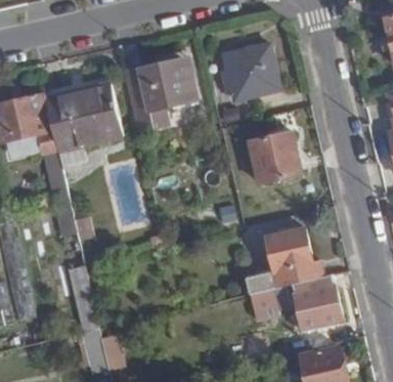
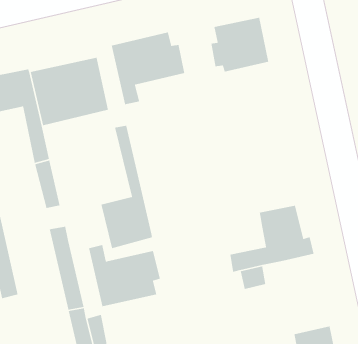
building: [252,132,302,183] -> none
building: none -> [100,125,153,249]
building: none -> [88,244,161,307]
building: [293,274,342,329] -> none

